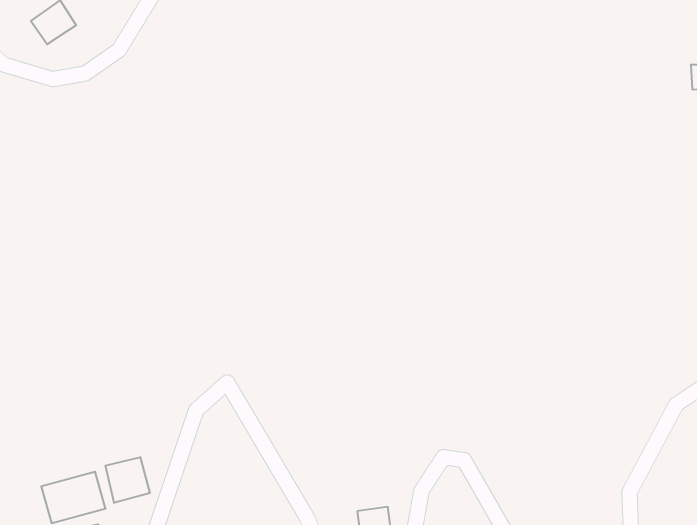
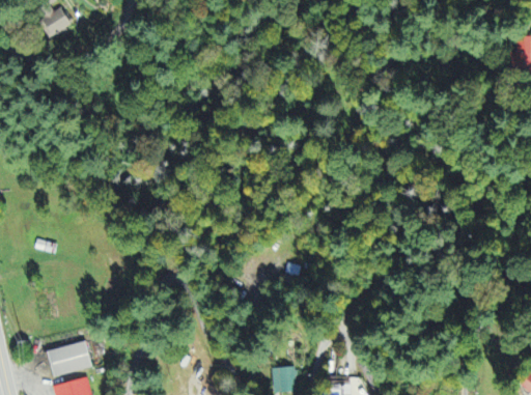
building: [106,457,150,503] -> none

